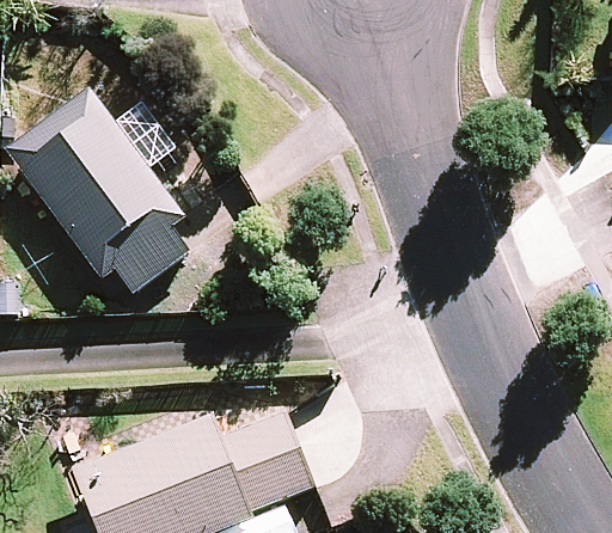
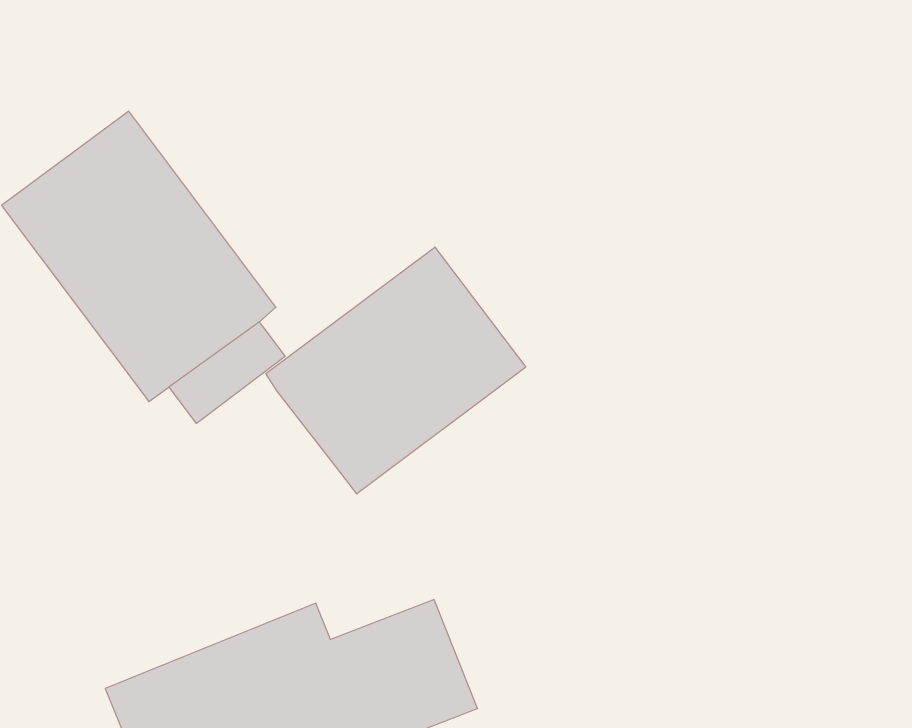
building: none -> [266,247,526,494]

